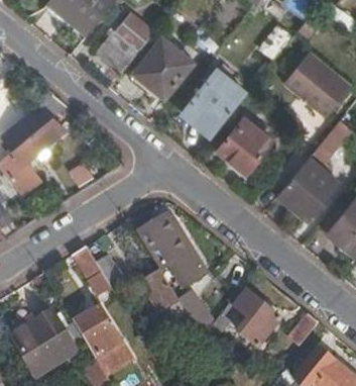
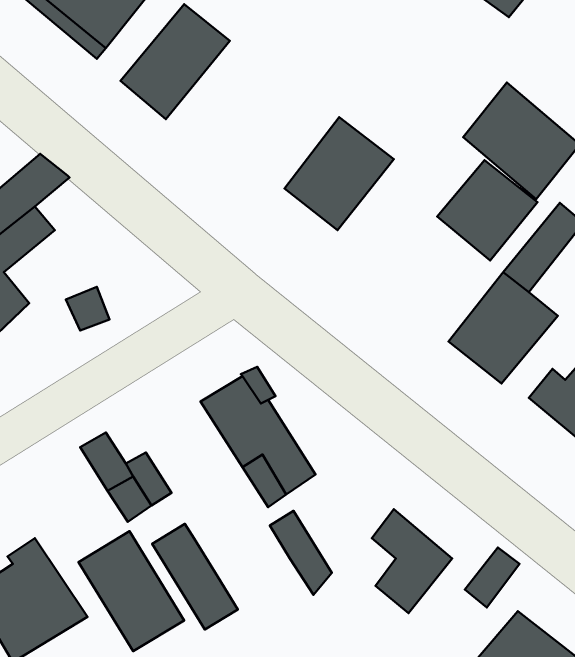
building: [135,39,194,100] -> none
building: [220,119,275,175] -> [437,160,537,260]
building: [143,269,191,327] -> [152,524,238,630]

